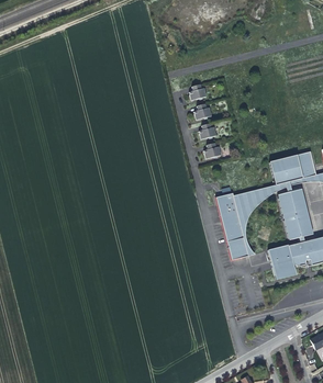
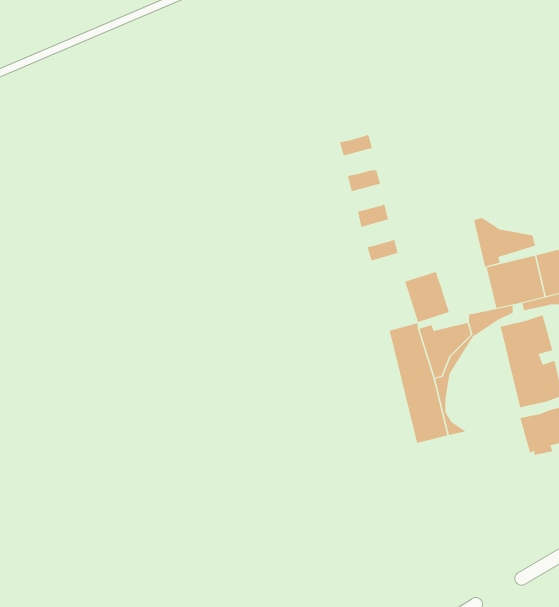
building: none -> [473,217,535,267]
building: none -> [405,271,449,323]
building: [268,244,296,277] -> none

